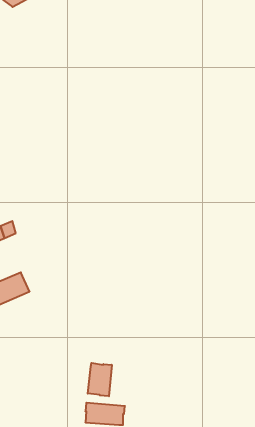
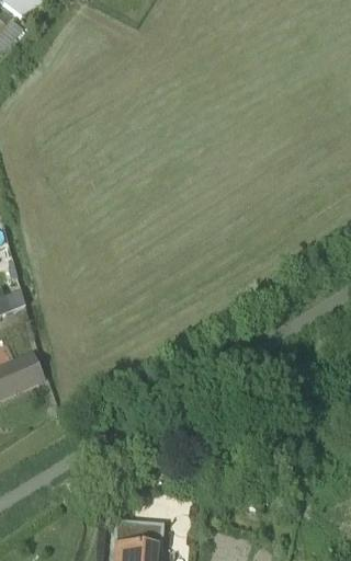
building: [88,363,112,396] -> none

